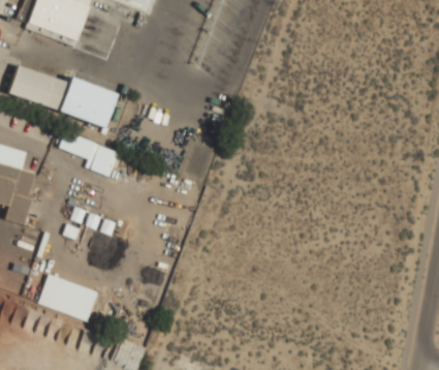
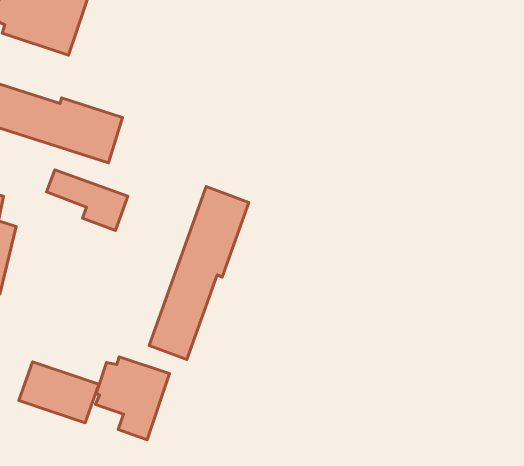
building: none -> [149,186,249,360]
building: none -> [95,357,169,440]

